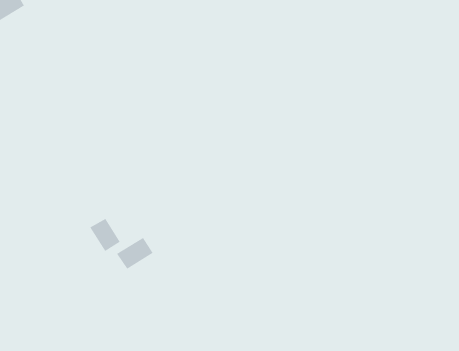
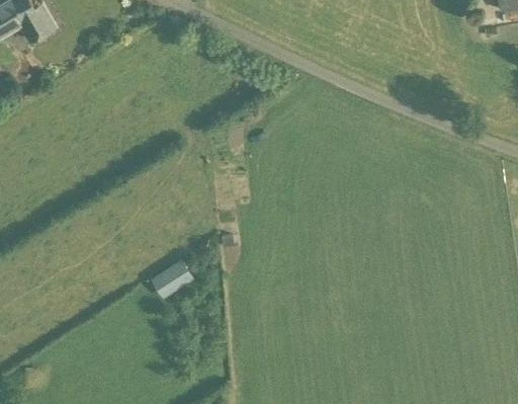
building: [89,218,120,252] -> none

